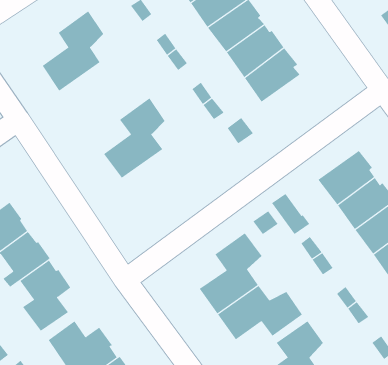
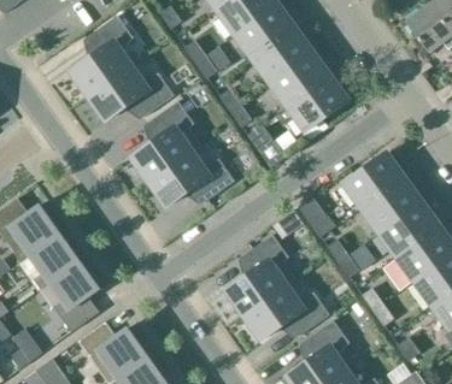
building: none -> [88,66,174,120]
building: none -> [276,78,346,130]
building: none -> [149,152,234,206]

